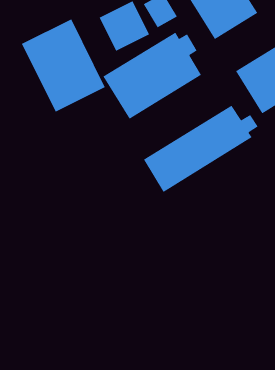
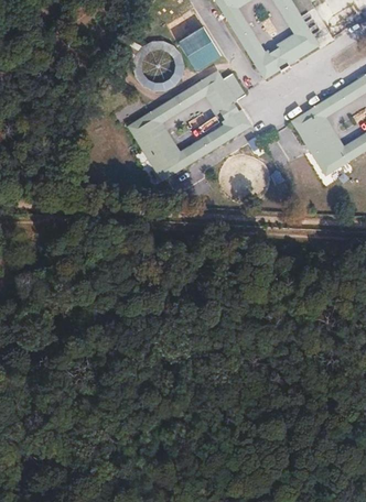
building: [21,19,105,113] -> none
building: [143,105,259,193] -> none

